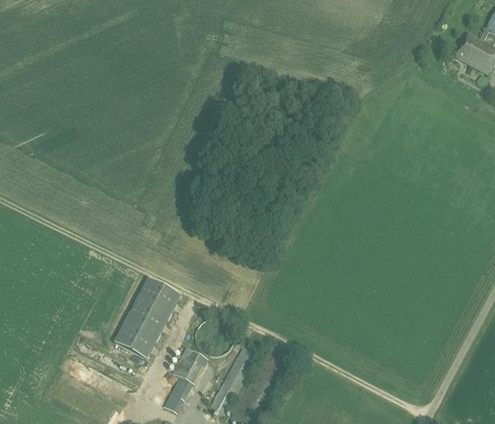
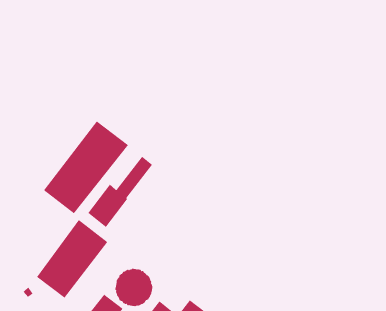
building: none -> [43,120,129,214]
building: none -> [87,156,153,228]

